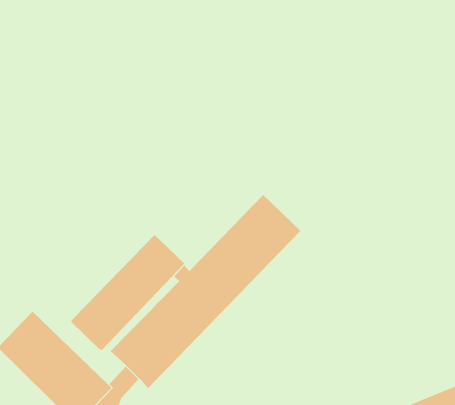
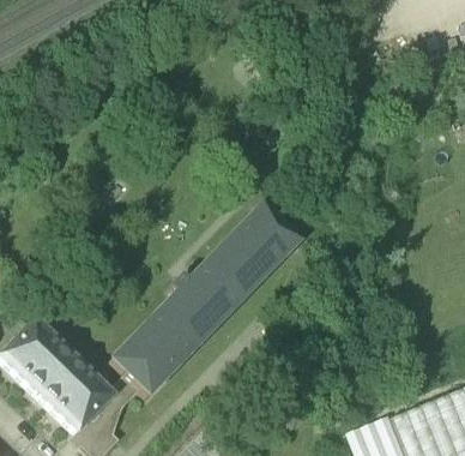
building: [70,234,185,351] -> none

